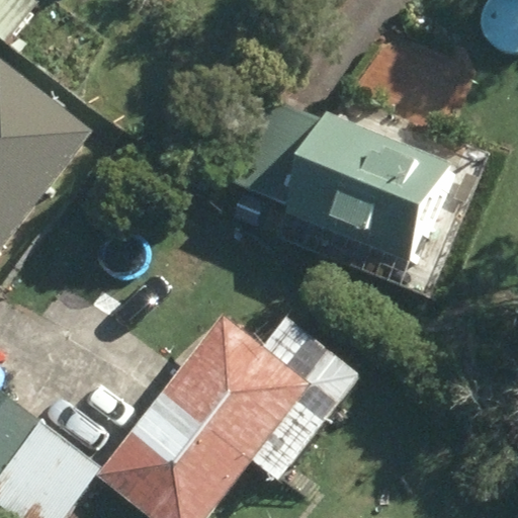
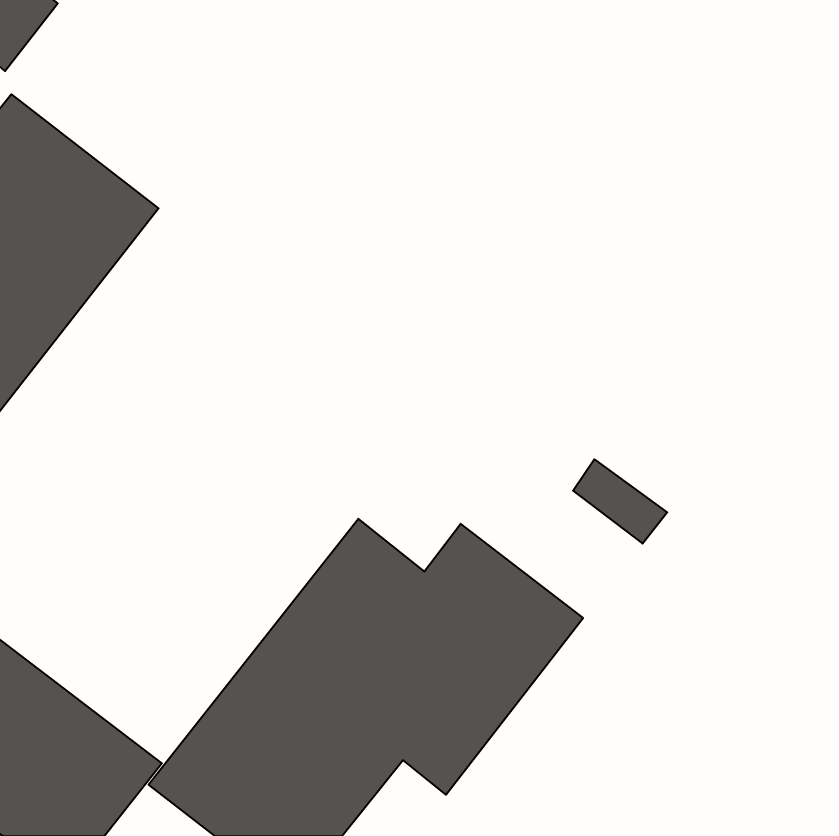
building: [274,110,448,267] -> none

